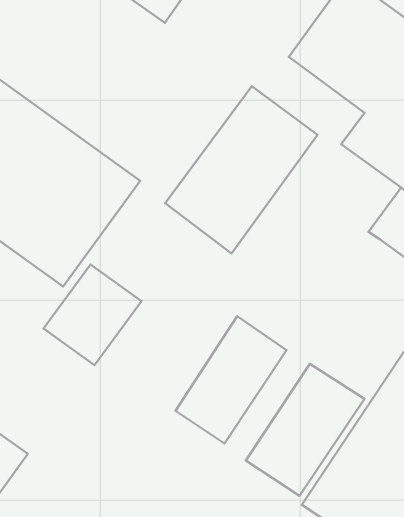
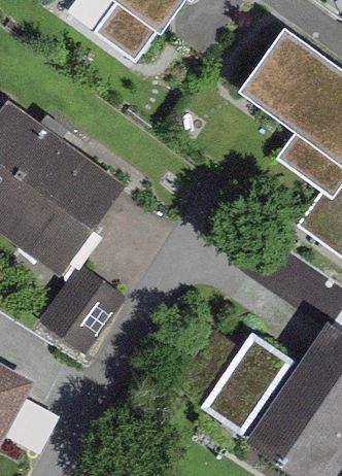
building: [165,86,317,254] -> none
building: [176,316,286,444] -> none

